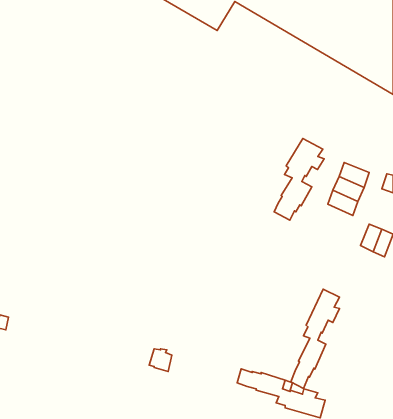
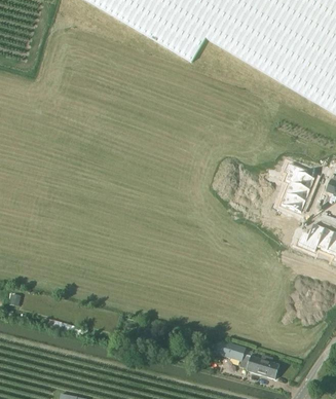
building: [274,138,324,220] -> none
building: [291,289,340,388] -> none

